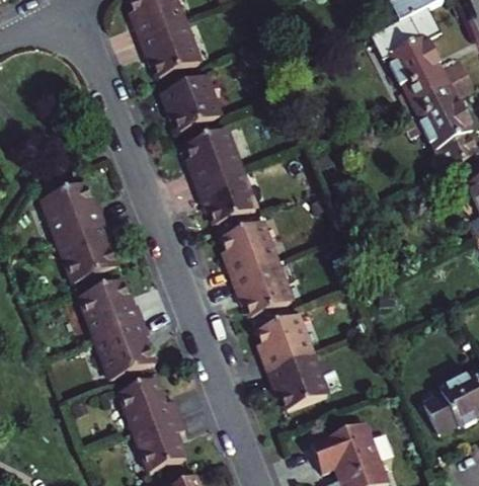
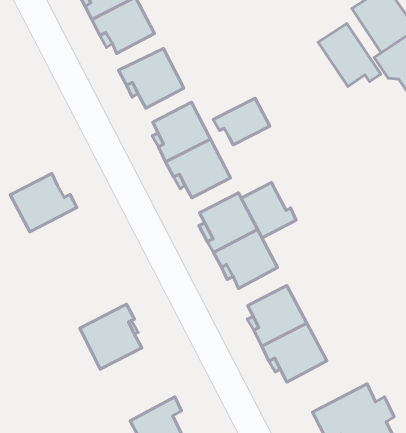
building: none -> [318,23,381,87]
building: none -> [213,98,270,145]
building: none -> [241,183,296,238]
building: [57,218,114,277] -> none
building: [78,276,142,334] -> none
building: [118,375,178,428] -> none

